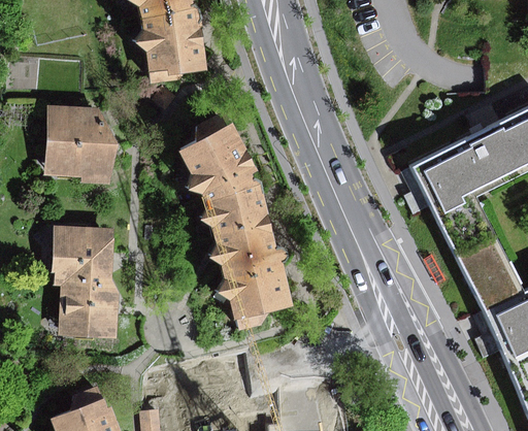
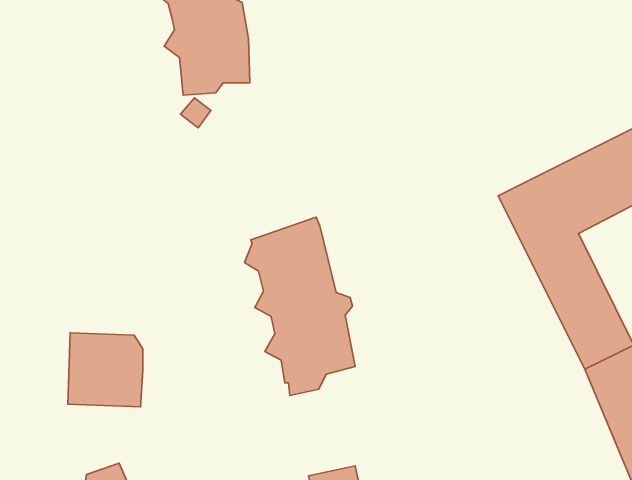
building: [45,105,120,183] -> none
building: [180,114,261,202] -> none
building: [52,227,112,280] -> none

